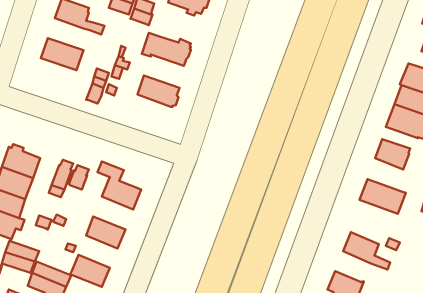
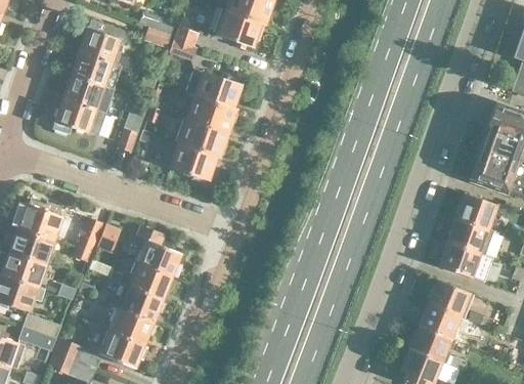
building: none -> [72,51,114,86]
building: none -> [184,94,235,133]
building: none -> [53,98,97,133]
building: none -> [171,141,216,182]
building: none -> [447,216,494,255]
building: none -> [106,261,172,300]
building: none -> [428,280,471,317]
building: none -> [107,307,154,345]
building: none -> [409,326,465,370]

